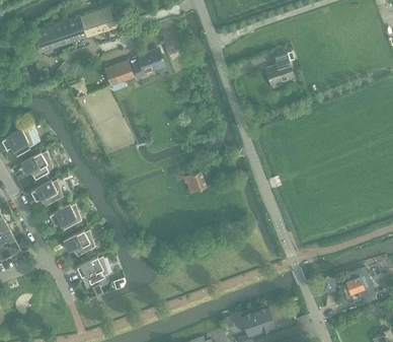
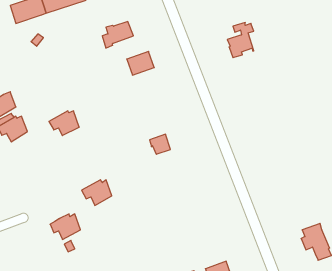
building: [103,60,133,85] -> [127,51,154,75]
building: [29,180,62,206] -> [49,111,79,136]
building: [49,203,81,230] -> none
building: [62,229,94,257] -> [82,180,112,205]

